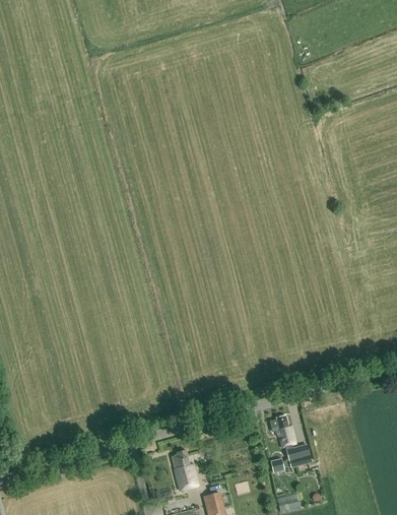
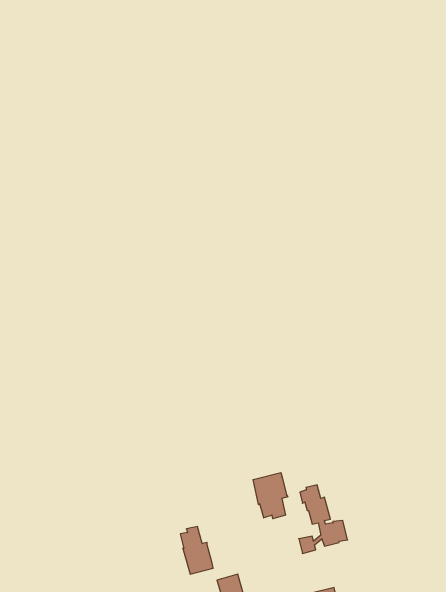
building: none -> [253,473,288,519]

